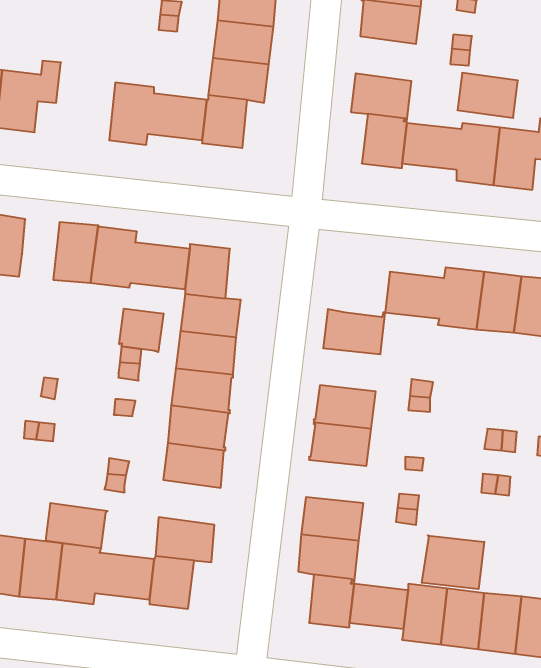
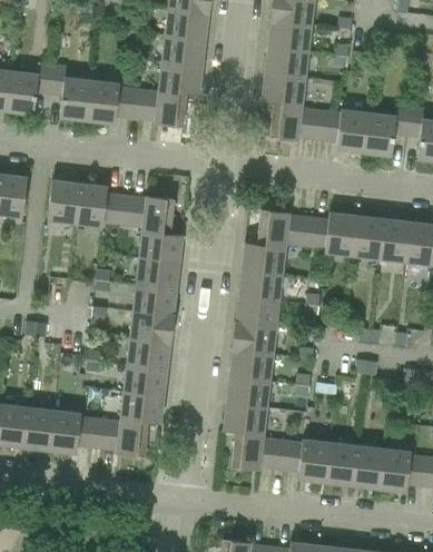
building: none -> [50,65,92,120]
building: [457,73,518,118] -> [265,46,308,78]
building: none -> [257,209,289,247]
building: [119,309,163,352] -> none
building: none -> [239,269,283,300]
building: none -> [229,349,273,381]
building: [45,503,108,548] -> [124,364,168,396]
building: [422,535,484,589] -> none

